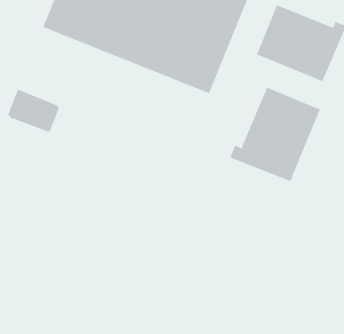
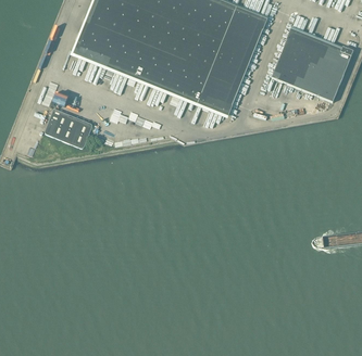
building: [229,87,320,182] -> none

